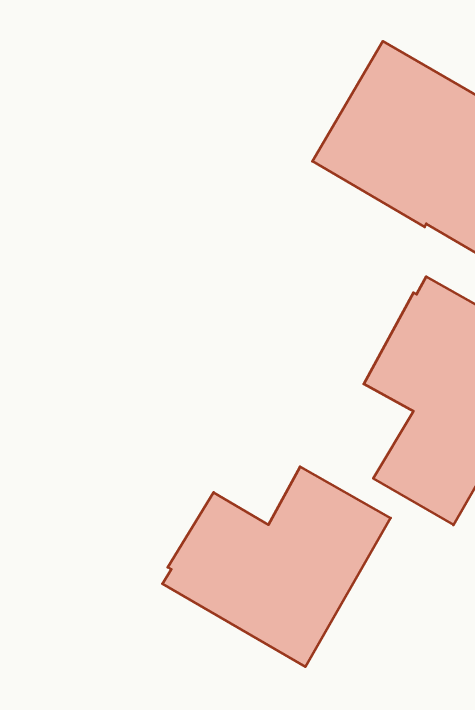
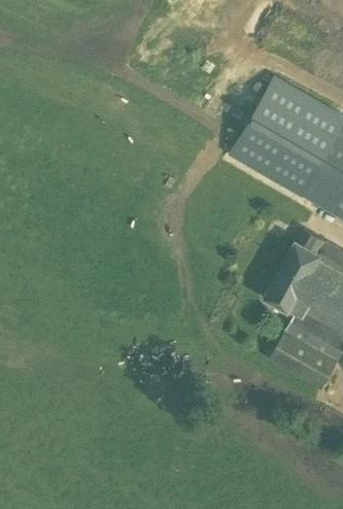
building: [162,467,391,667] -> none

